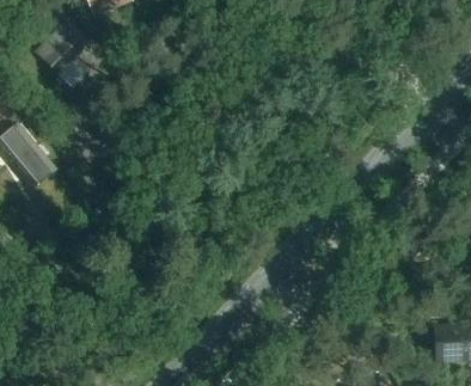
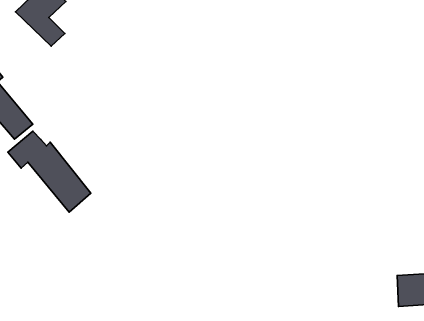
building: none -> [8,131,91,212]

